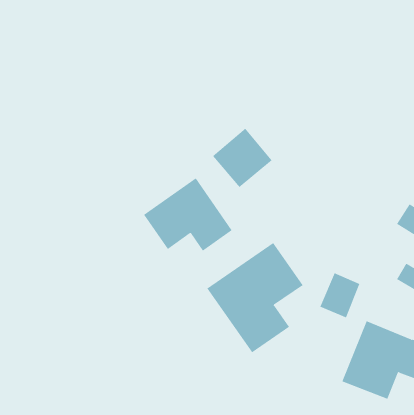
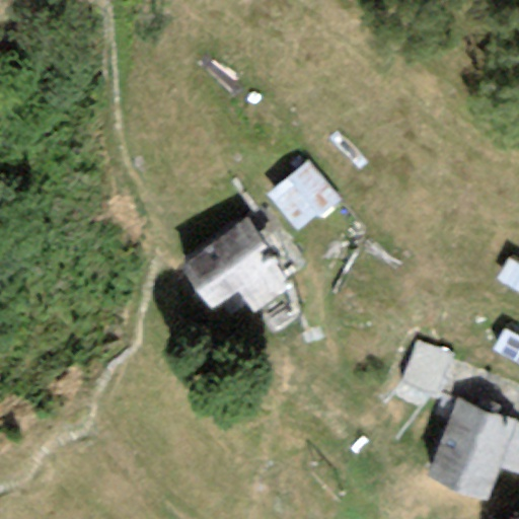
building: [206,242,303,353] -> none

